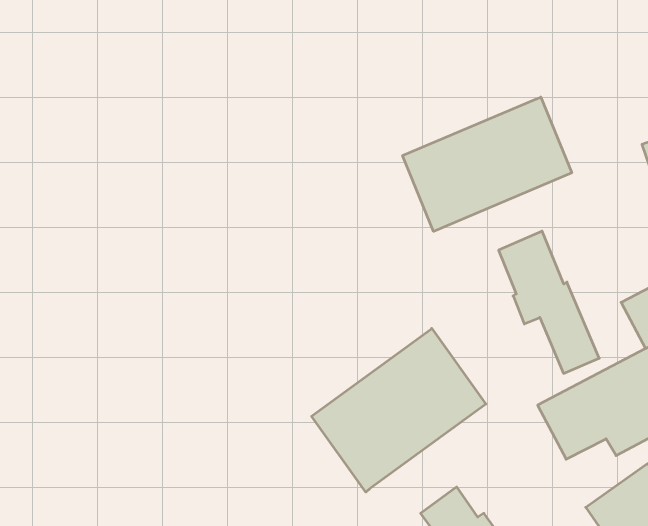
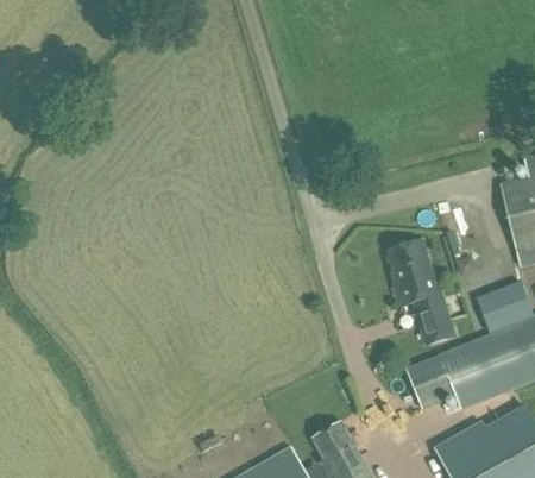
building: [403,97,572,231] -> none
building: [312,328,486,492] -> none

